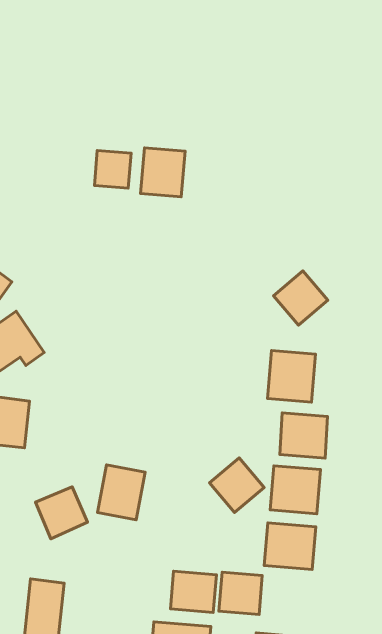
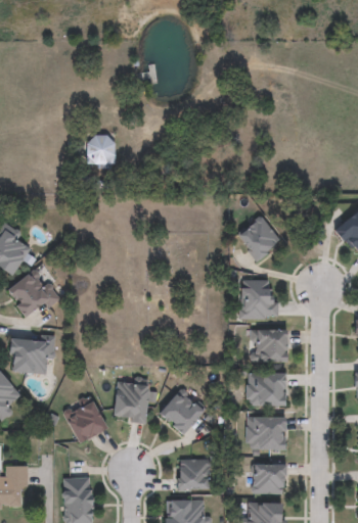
building: [141,148,185,197] -> none
building: [210,458,264,512] -> [160,390,203,433]
building: [219,572,262,614] -> [254,463,285,493]

